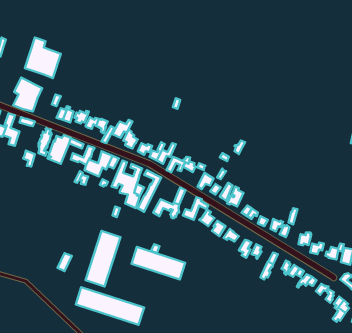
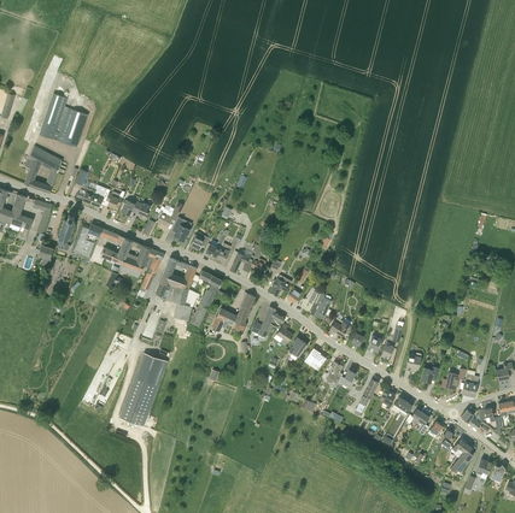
building: [132,247,185,280] -> none
building: [76,287,144,325] -> none

